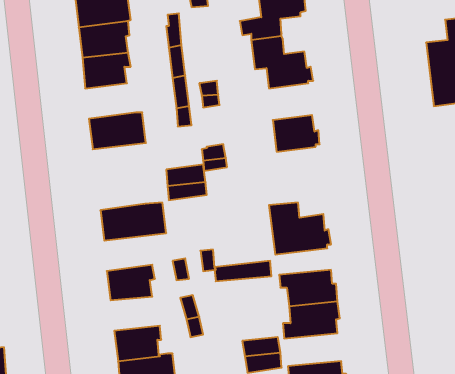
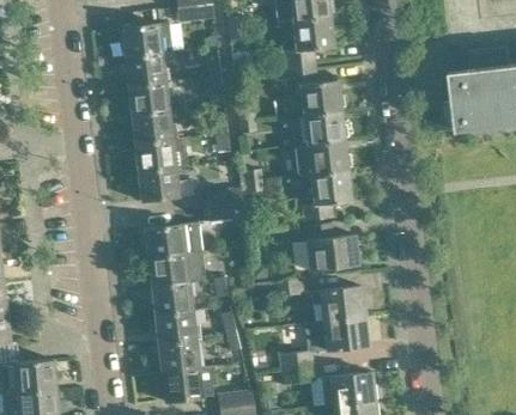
building: none -> [129,111,177,145]
building: none -> [290,111,348,147]
building: none -> [136,169,193,202]
building: none -> [302,171,354,221]
building: none -> [147,252,208,288]
building: none -> [153,312,200,344]

